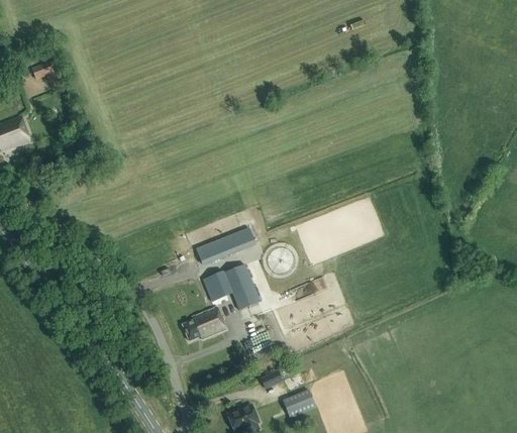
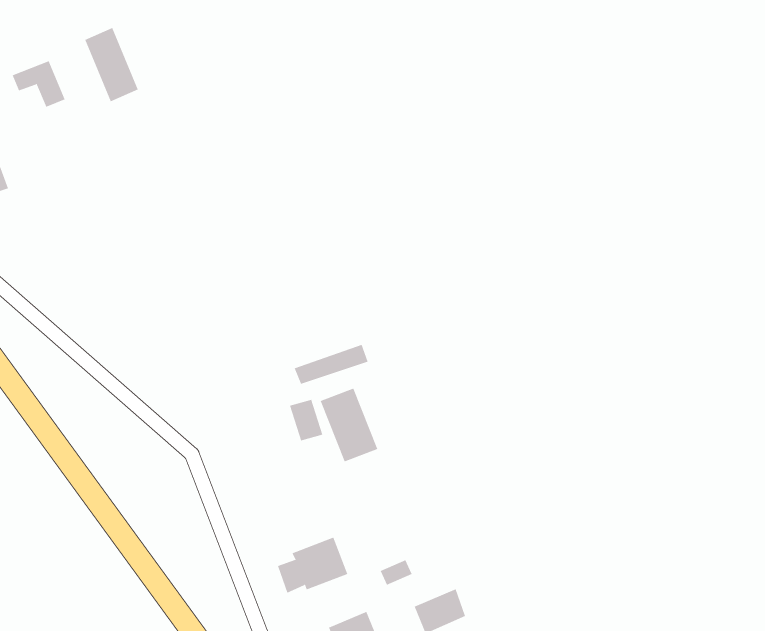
building: none -> [84,27,138,102]
building: [182,305,226,340] -> [277,537,348,594]

